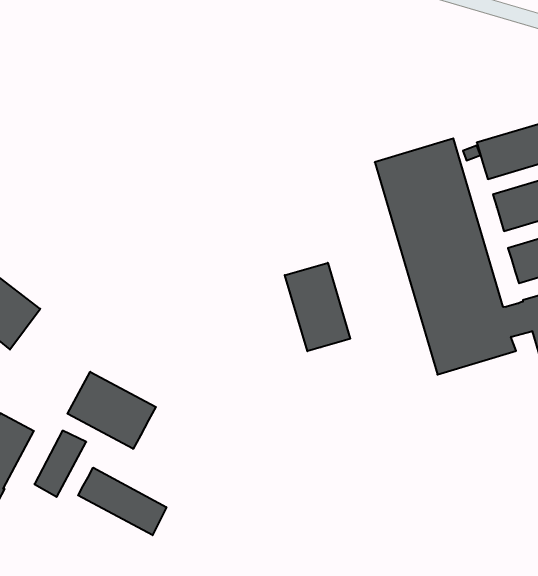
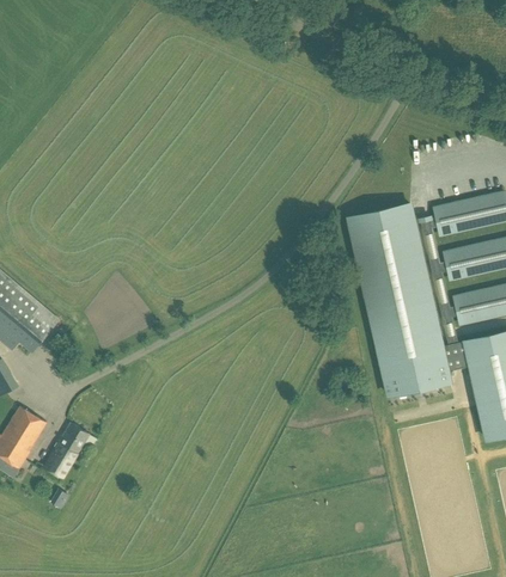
building: [285,263,350,351] -> none
building: [67,372,156,449] -> none
building: [78,468,166,535] -> none

